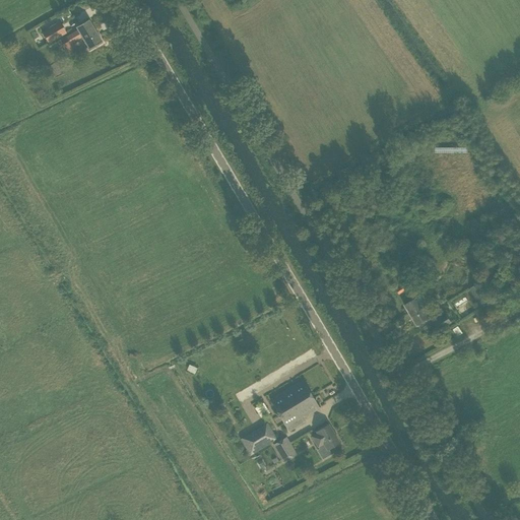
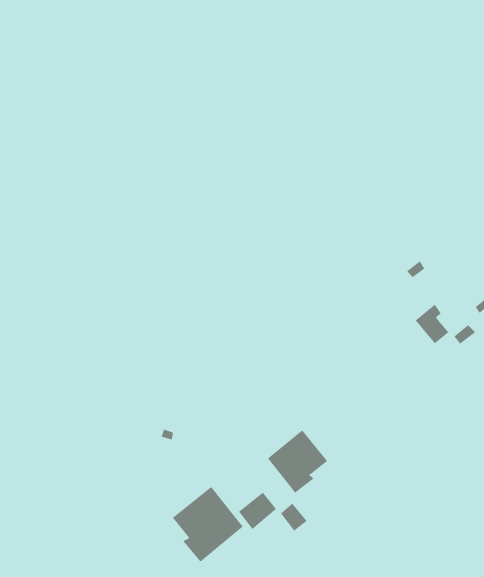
building: none -> [171,486,243,562]
building: [311,424,339,459] -> none

